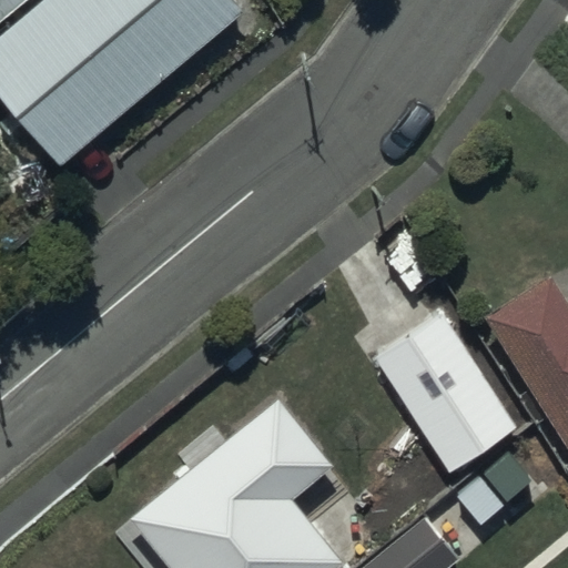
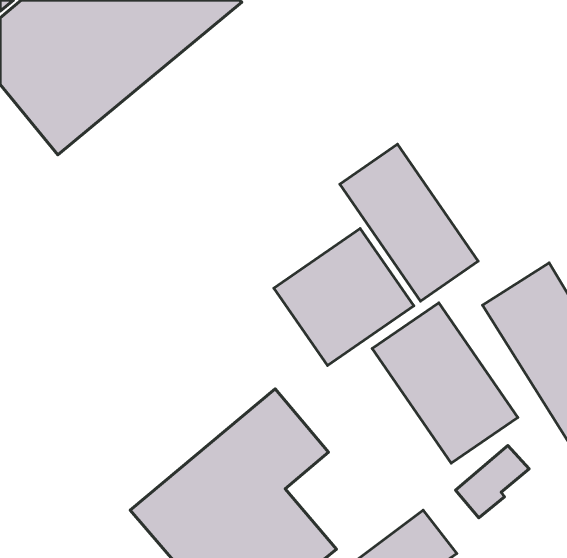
building: none -> [340,144,478,301]
building: none -> [274,229,414,365]

